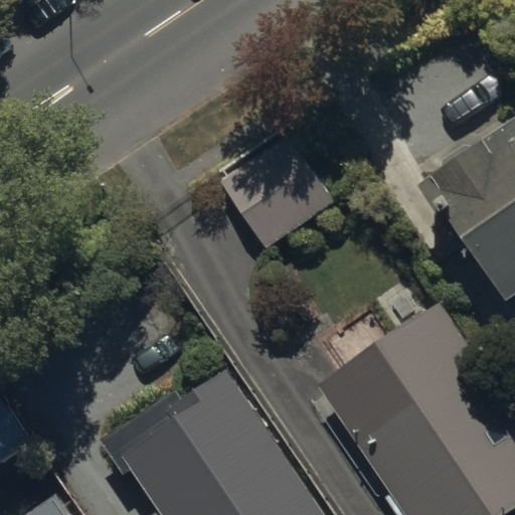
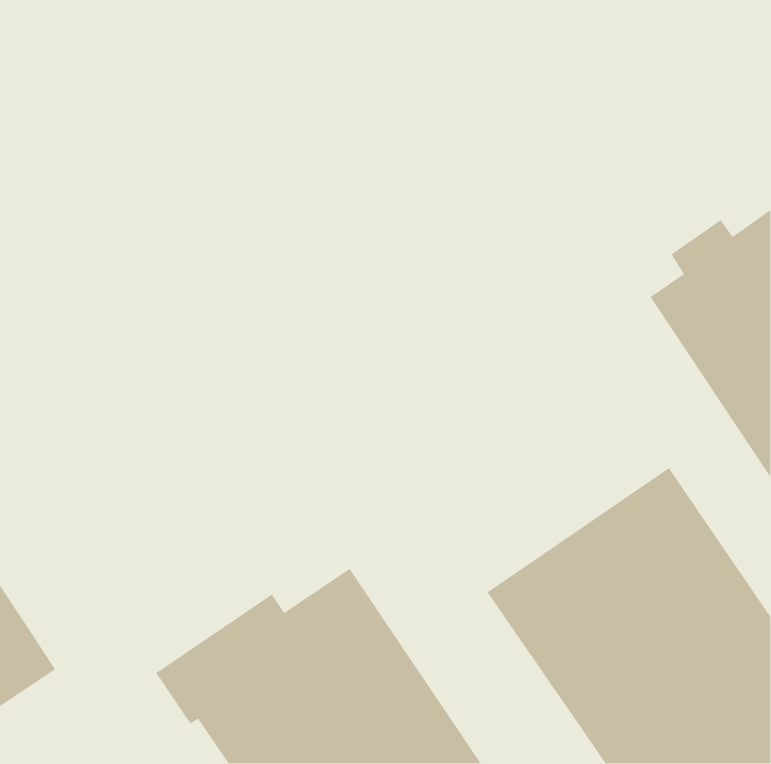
building: [217,134,335,250] -> none

